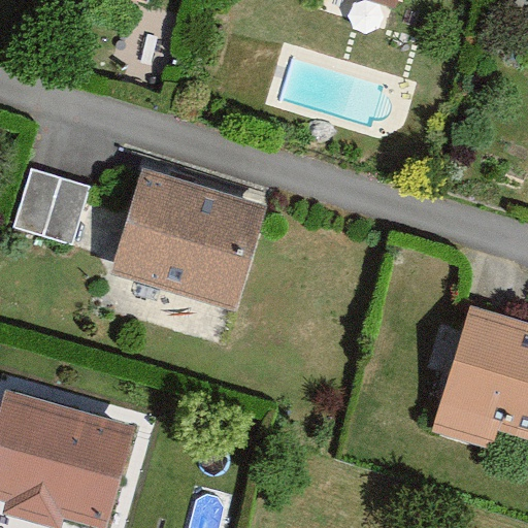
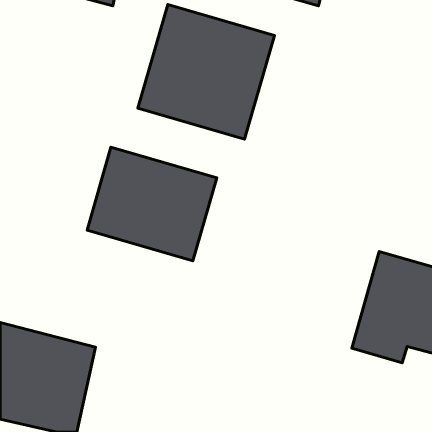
building: none -> [138,4,274,139]
building: [12,168,88,243] -> none

